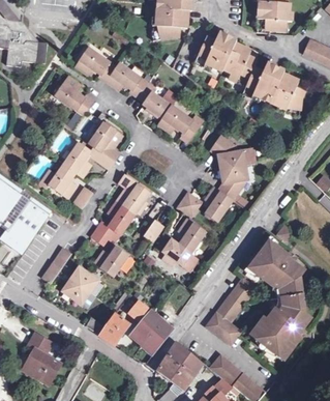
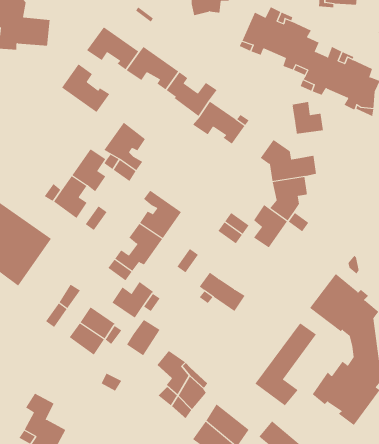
building: none -> [292,101,323,134]
building: [178,219,205,253] -> none
building: [99,315,126,344] -> [126,319,161,356]

